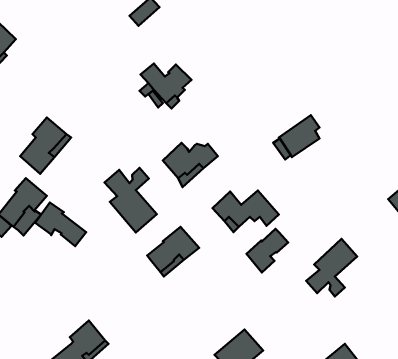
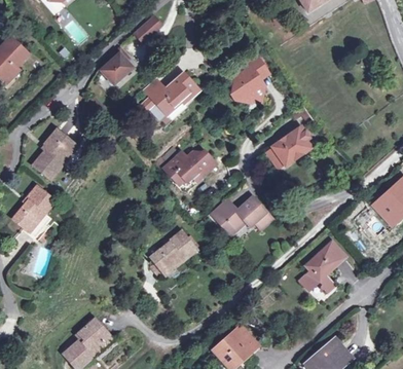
building: none -> [101,46,133,83]
building: none -> [232,56,266,103]
building: [104,168,157,233] -> none
building: [35,203,86,246] -> none
building: [246,229,288,273] -> none

